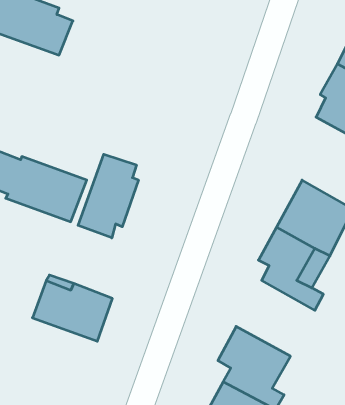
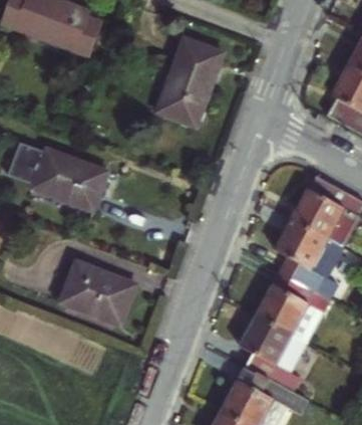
building: none -> [157,38,225,127]
building: [78,154,138,238] -> none
building: none -> [254,268,328,340]

